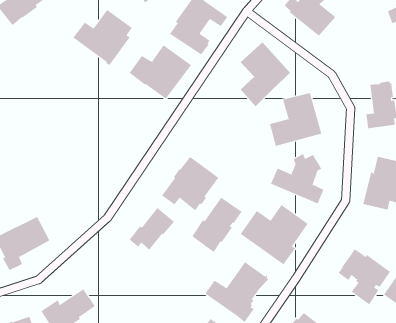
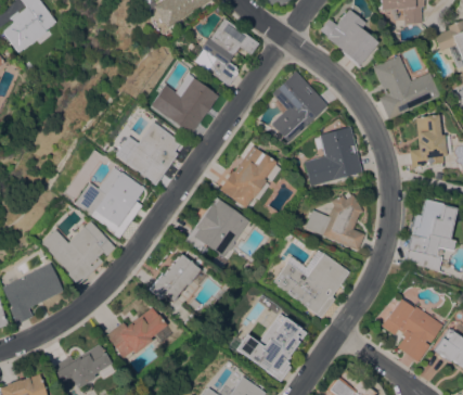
building: [73,9,133,66] -> [115,122,181,184]
building: none -> [374,54,441,118]
building: none -> [74,167,145,238]
building: none -> [41,220,116,284]
building: [191,197,242,253] -> [221,145,278,207]
building: none -> [108,306,169,357]

